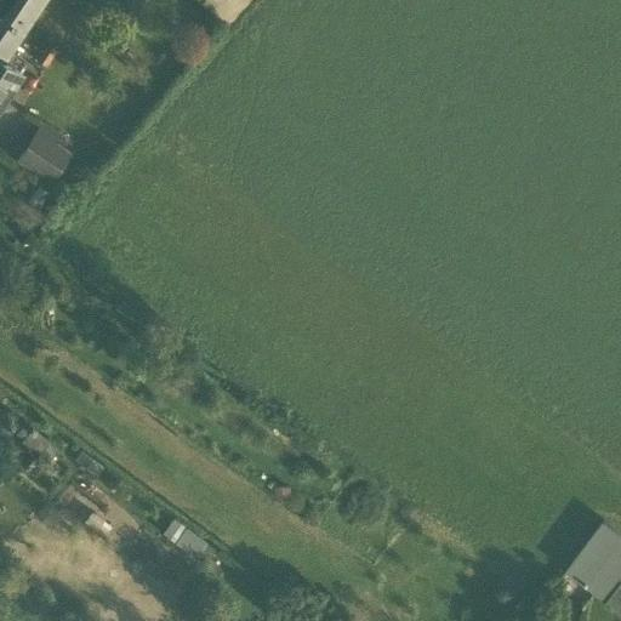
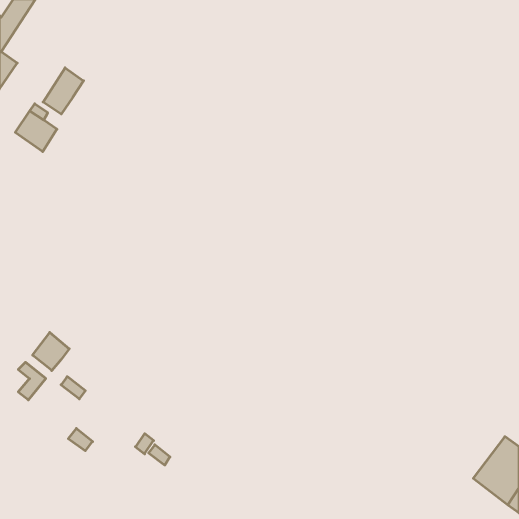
building: none -> [43,68,84,114]
building: none -> [33,332,69,371]

